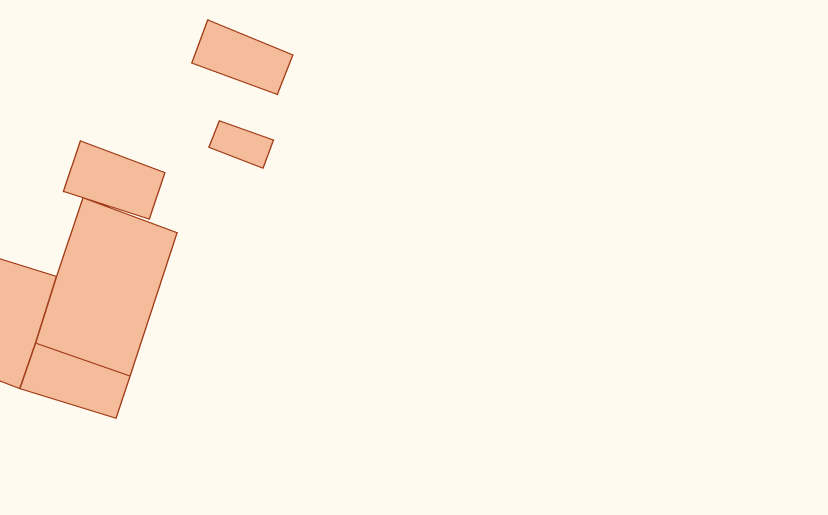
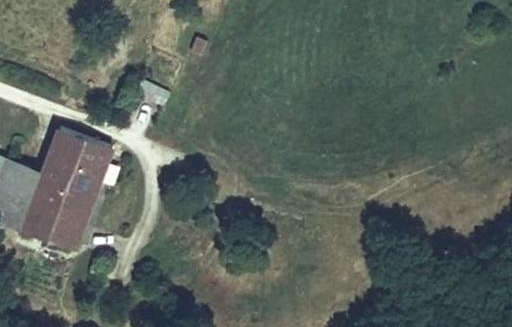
building: [192,20,293,95] -> none
building: [64,141,165,219] -> none

